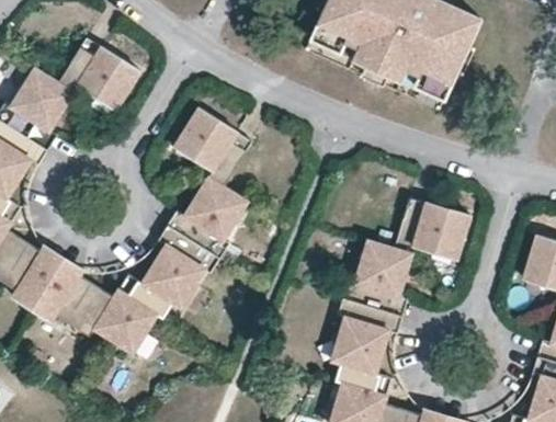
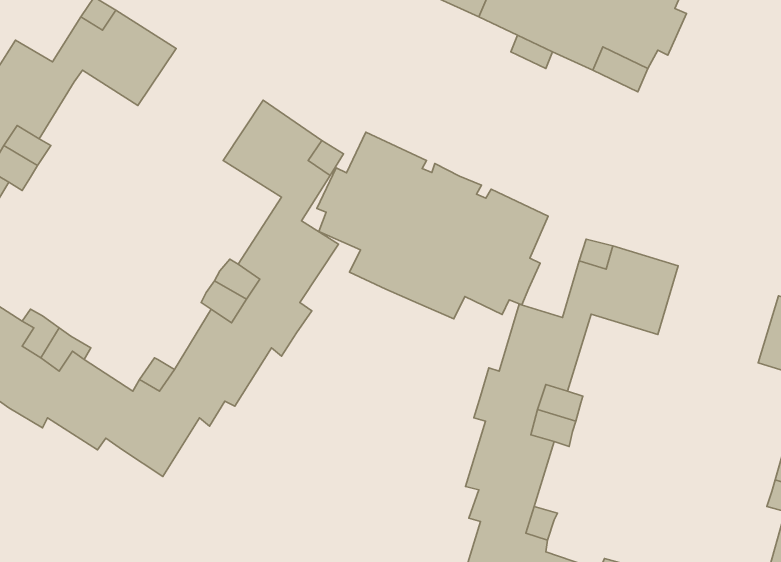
building: none -> [317,132,548,319]

